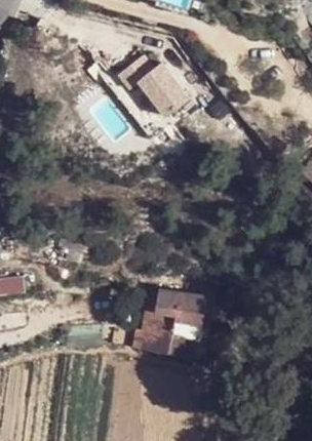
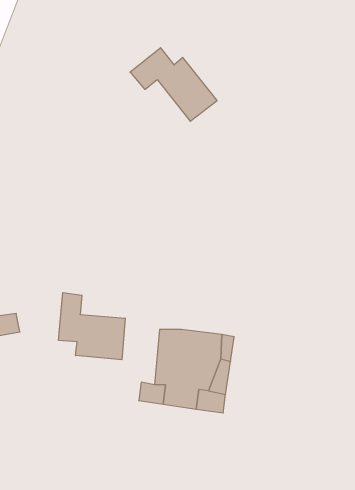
building: none -> [59,293,125,360]

